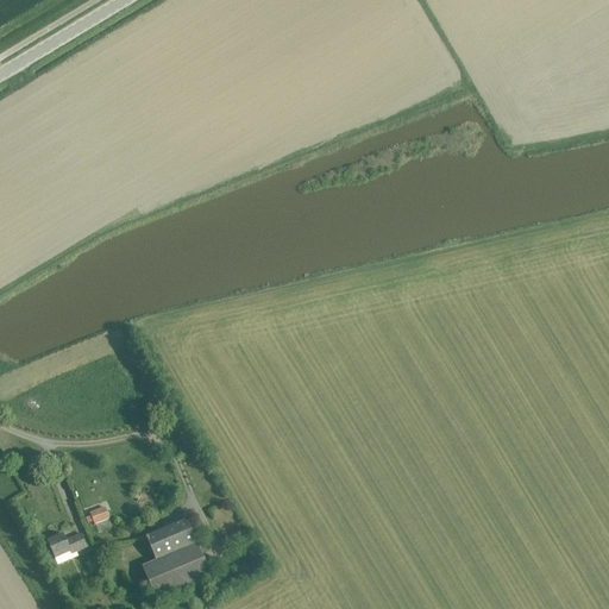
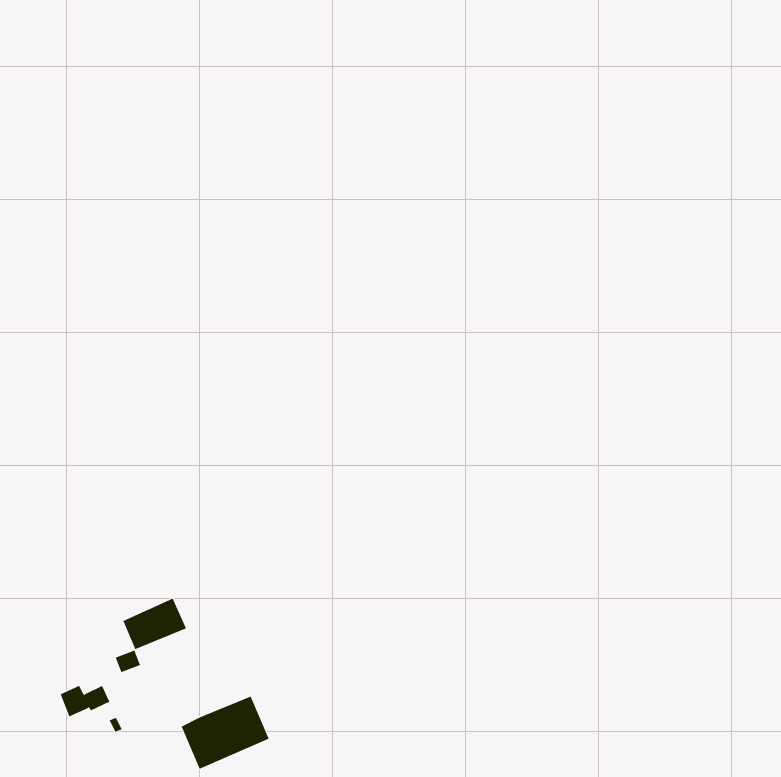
building: [145,516,195,557] -> [123,598,187,650]

